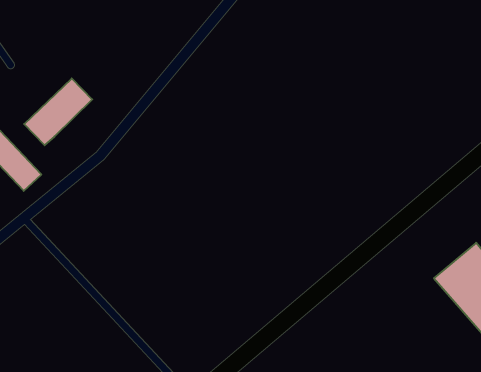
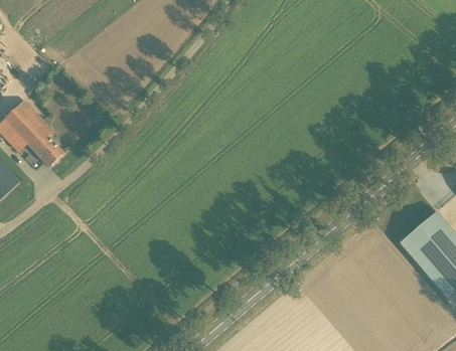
building: [24,78,92,145] -> none

